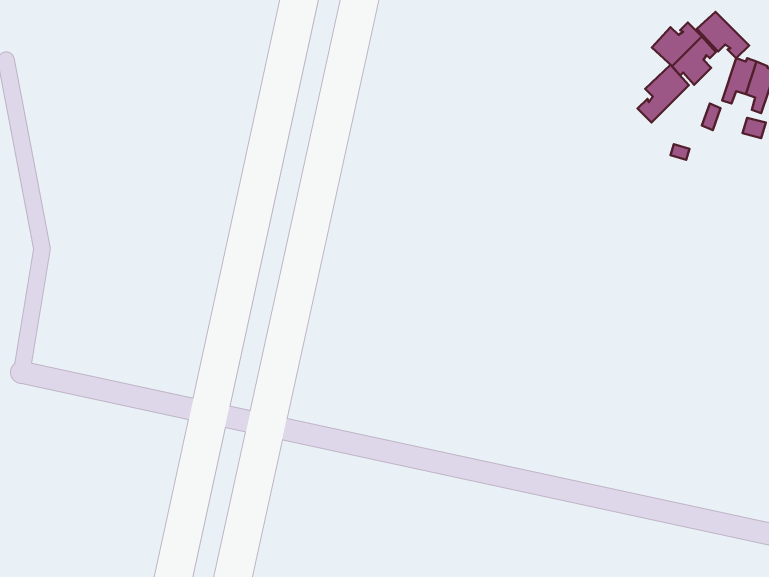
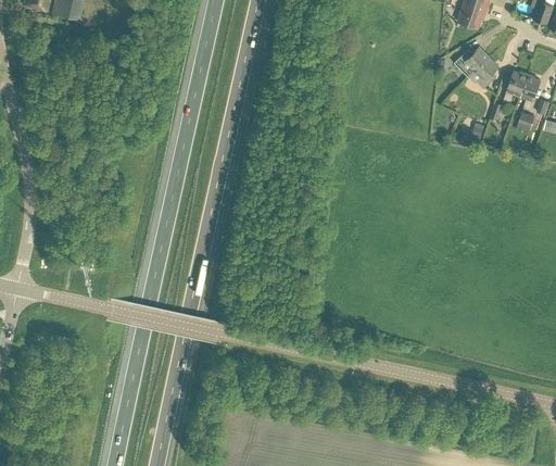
building: [697,12,749,58] -> none
building: [638,65,689,122] -> none

